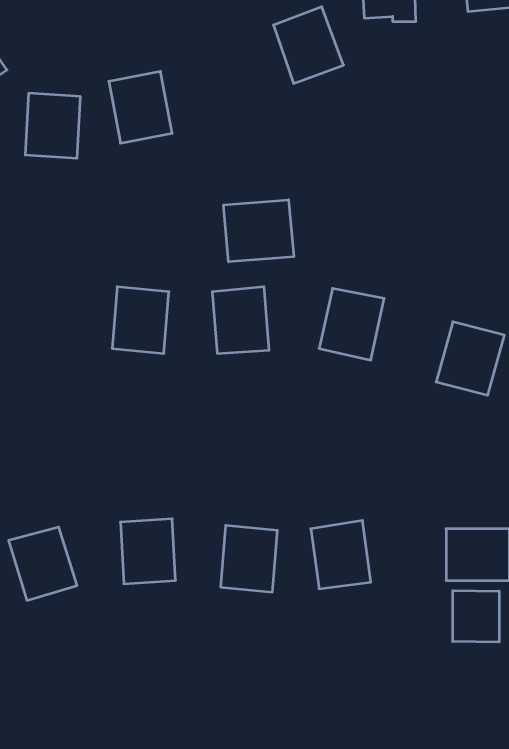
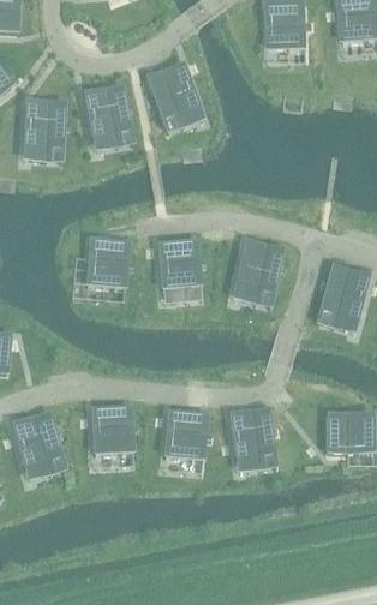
building: [273,7,344,83] -> [146,65,197,120]
building: [224,200,294,262] -> none
building: [453,591,499,642] -> none

